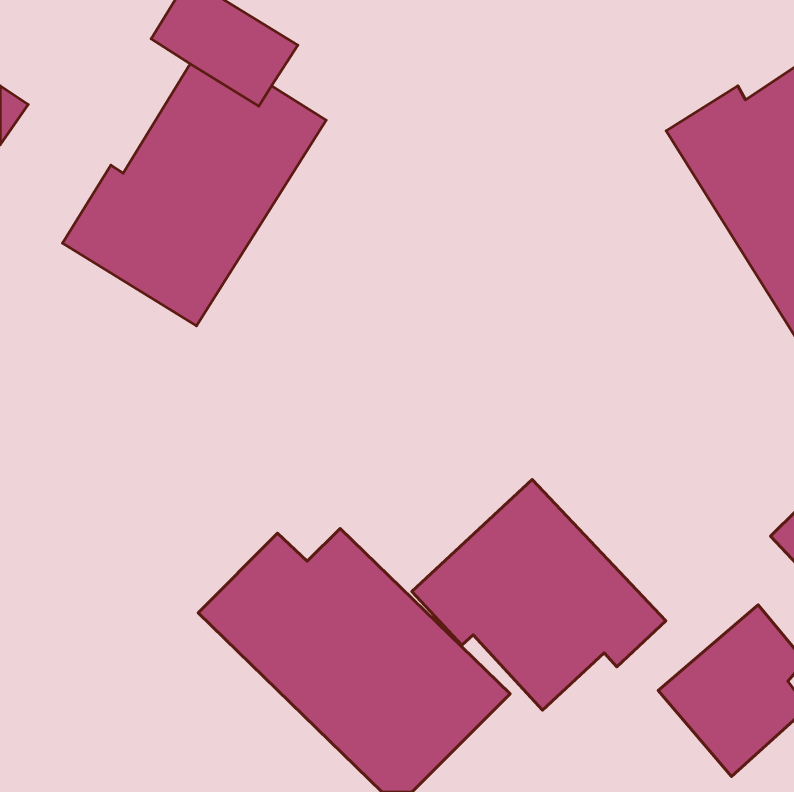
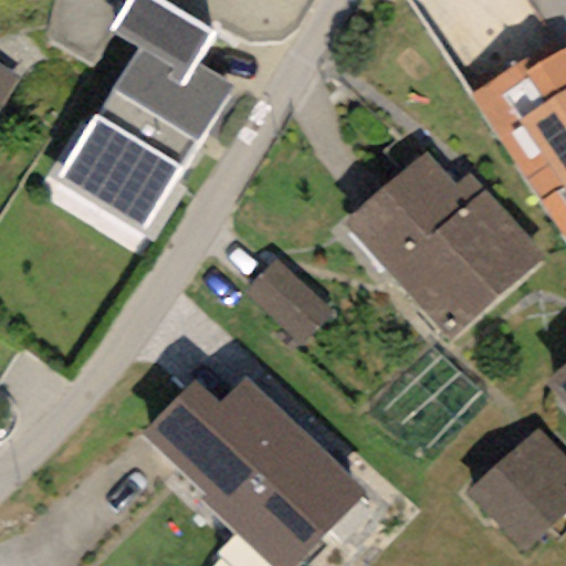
building: none -> [347,150,543,336]
building: none -> [241,255,335,350]
building: [412,479,666,710] -> none

